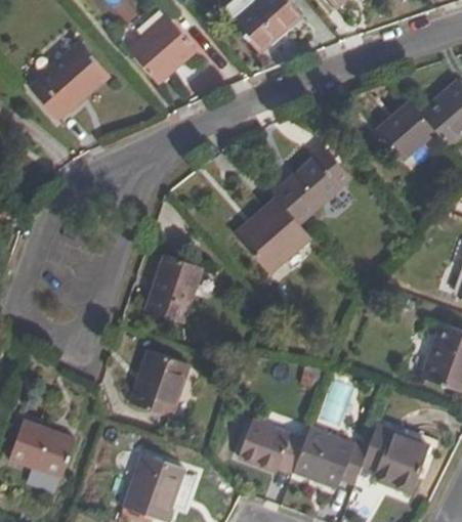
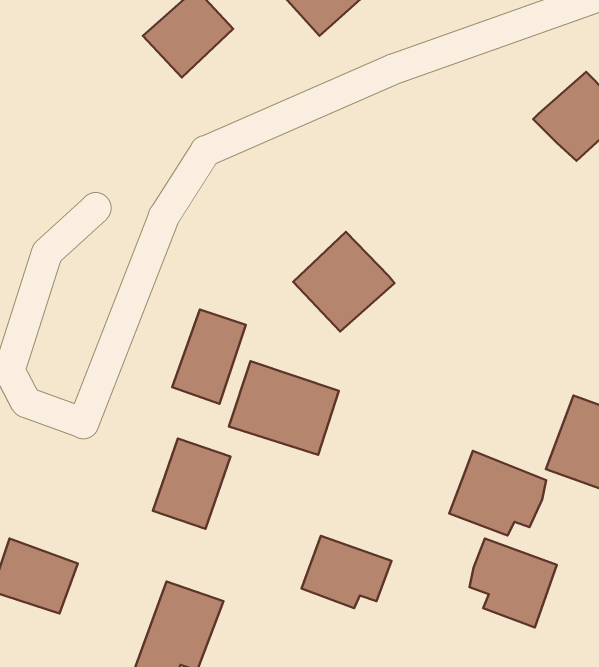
building: [31,47,109,122] -> none
building: [373,105,429,162] -> none
building: [268,140,348,230] -> none
building: none -> [229,361,339,455]
building: [296,424,368,486] -> [449,451,546,536]

